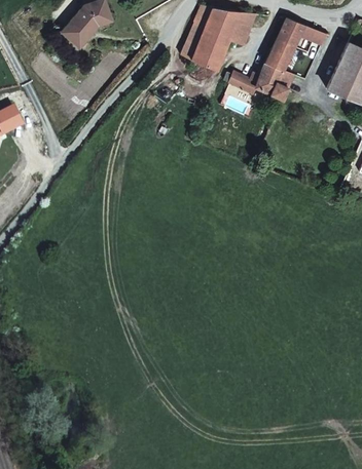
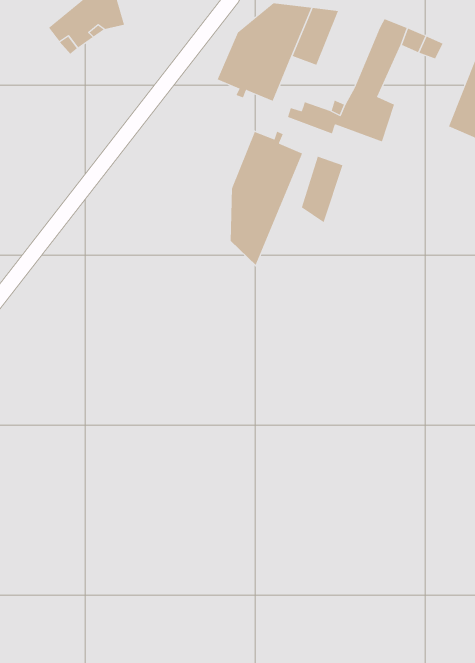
building: none -> [230,131,303,266]
building: none -> [301,156,343,223]

